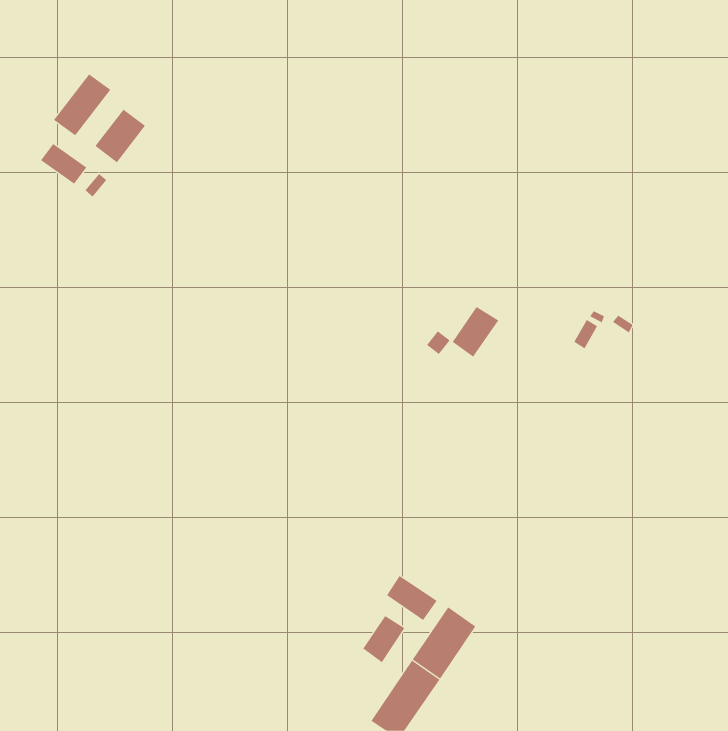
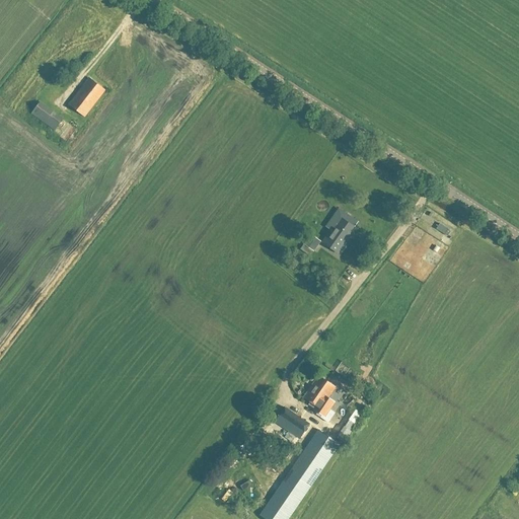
building: [53,73,111,136] -> none
building: none -> [302,375,333,417]
building: [362,615,405,663] -> none

